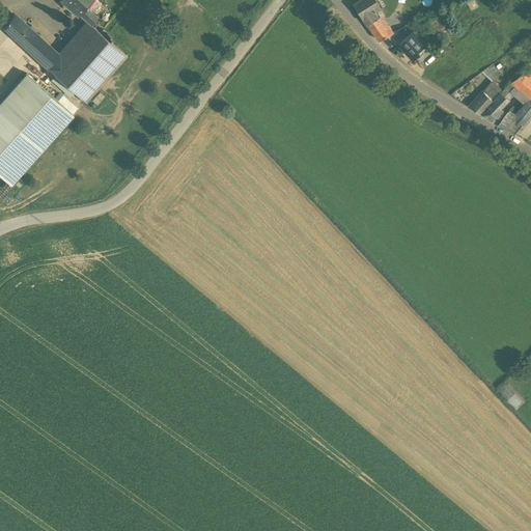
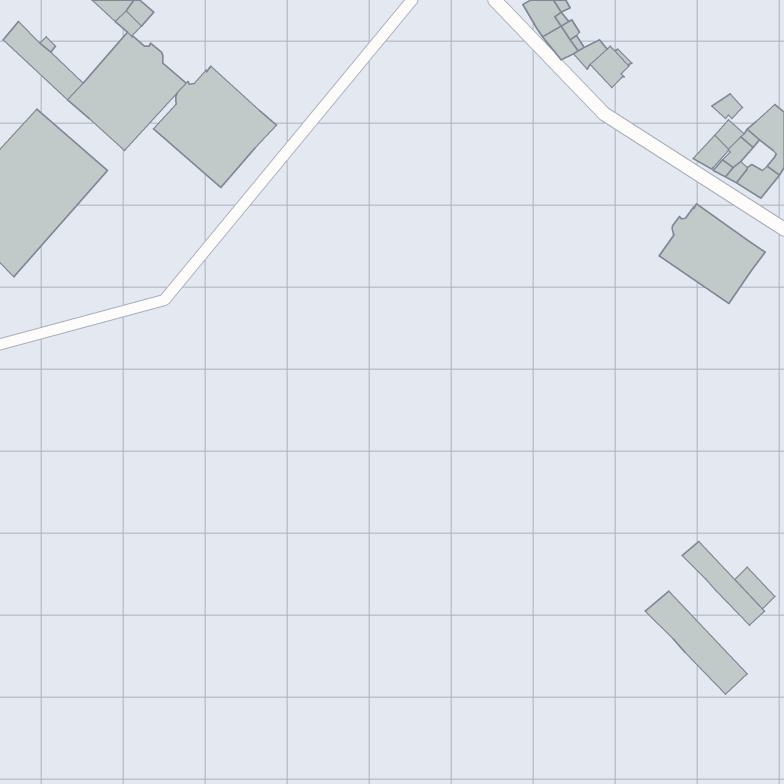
building: none -> [154,66,276,187]
building: none -> [659,204,765,304]
building: none -> [682,542,765,625]
building: none -> [645,591,747,694]

